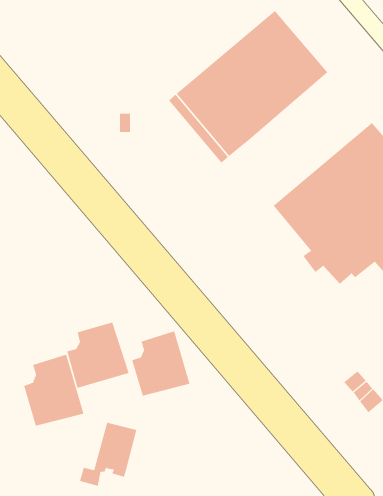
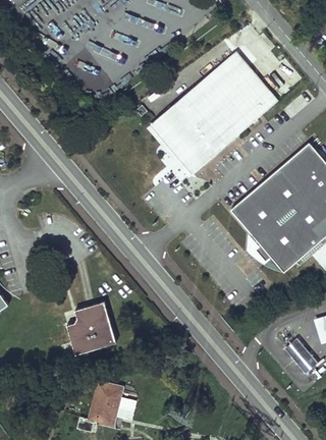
building: [131,331,190,396] -> none
building: [23,354,84,426] -> none

